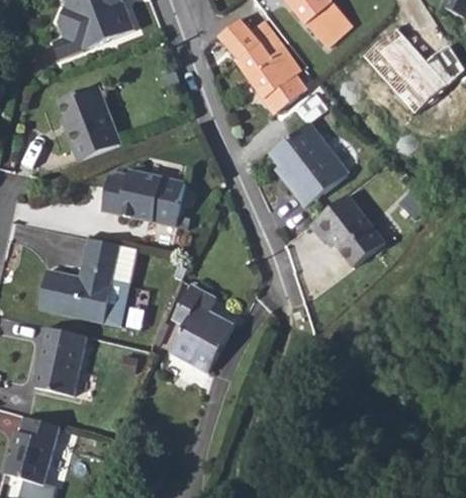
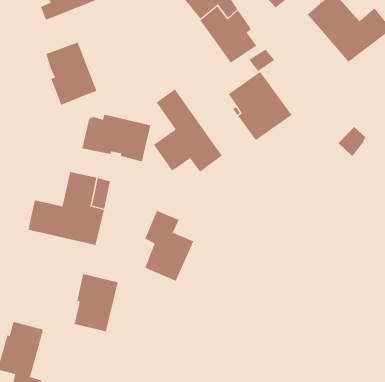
building: none -> [153,89,223,173]
building: [309,193,382,263] -> none
building: [32,328,85,397] -> [74,274,119,332]

